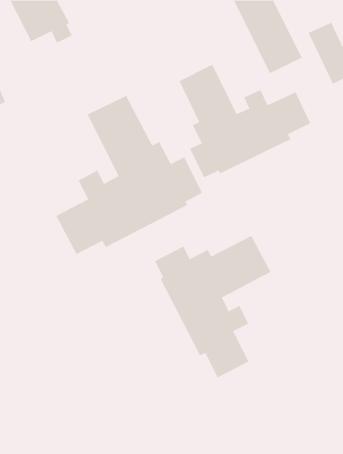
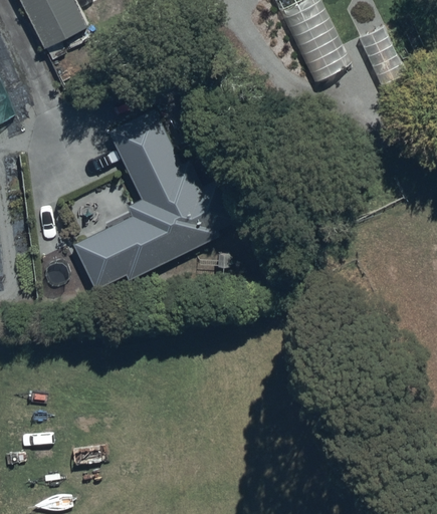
building: [179,64,311,178] -> none
building: [154,235,271,378] -> none

